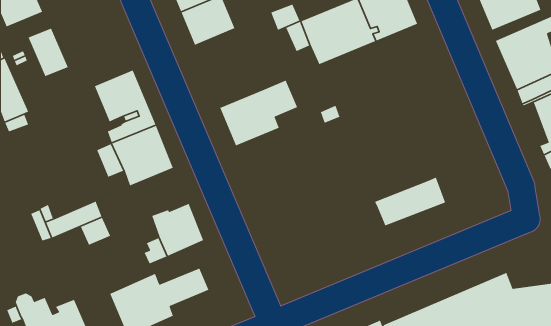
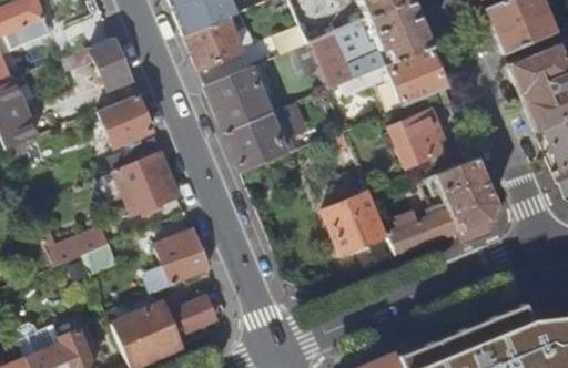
building: none -> [387,48,447,106]
building: [28,28,69,77] -> [90,38,132,89]
building: none -> [207,68,272,133]
building: none -> [389,110,440,167]
building: none -> [436,159,496,231]
building: none -> [324,191,387,252]

